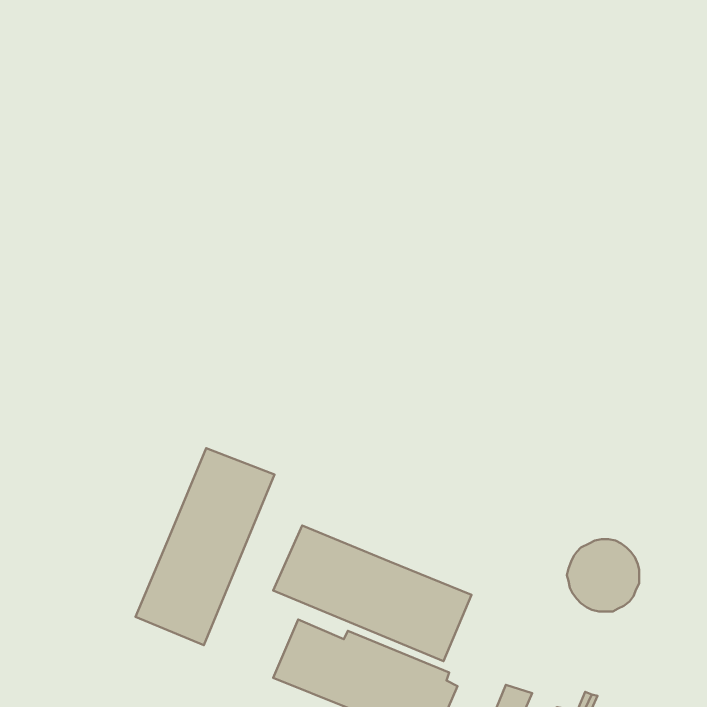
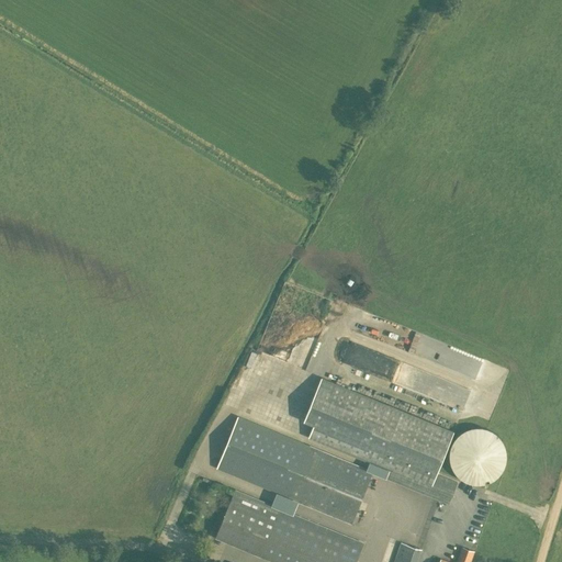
building: [135,448,275,645] -> none
building: none -> [304,379,458,504]

